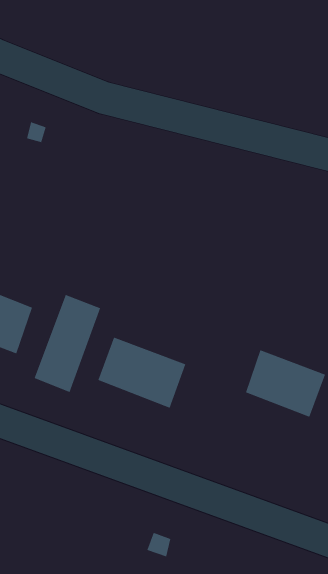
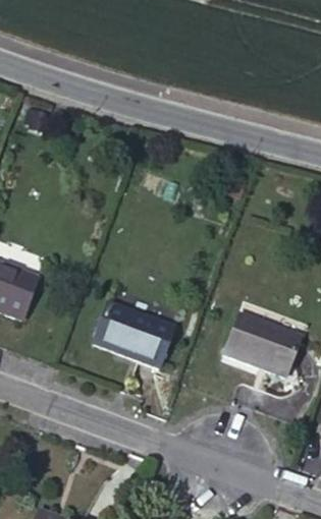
building: [34,294,101,393] -> none

